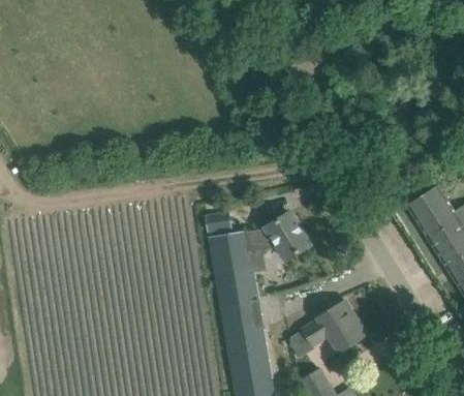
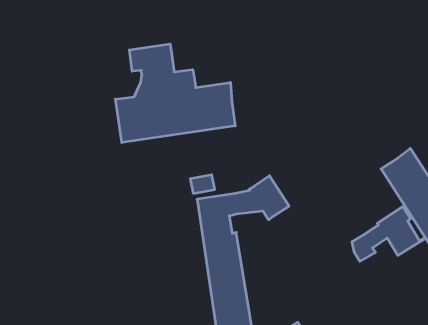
building: none -> [115,44,235,143]
building: [290,300,366,358] -> [352,207,423,261]

